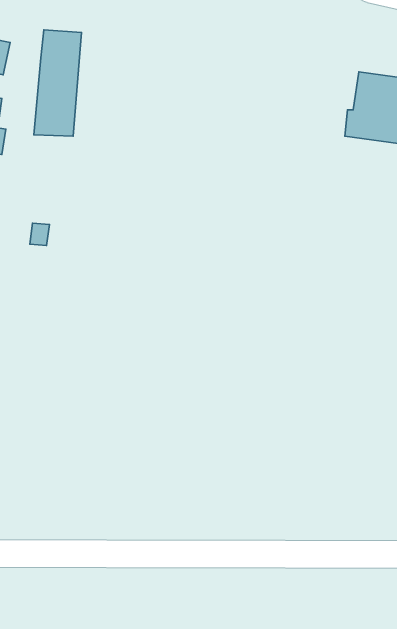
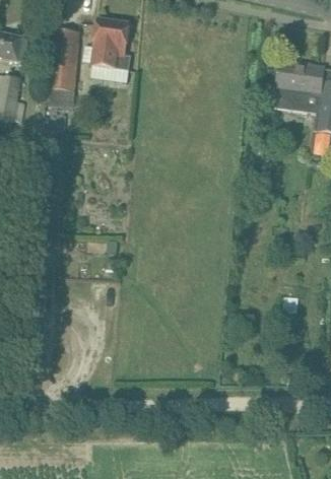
building: none -> [90,18,131,81]

